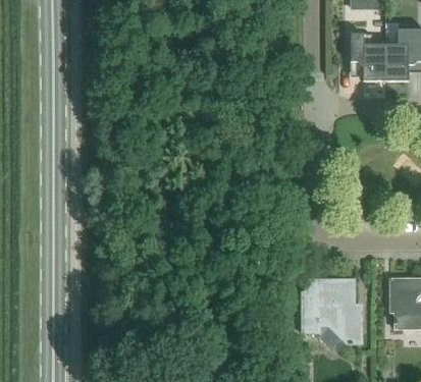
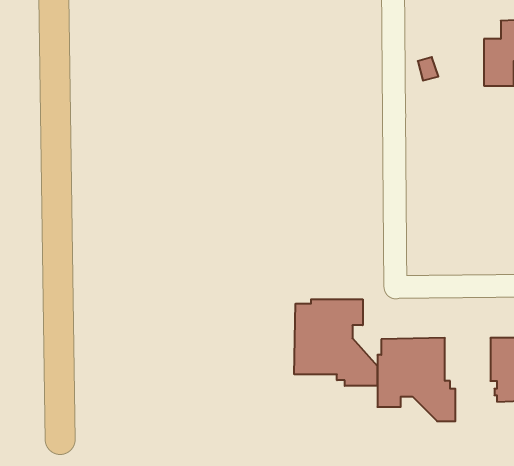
building: [351,34,385,80] -> none
building: none -> [294,299,377,386]

